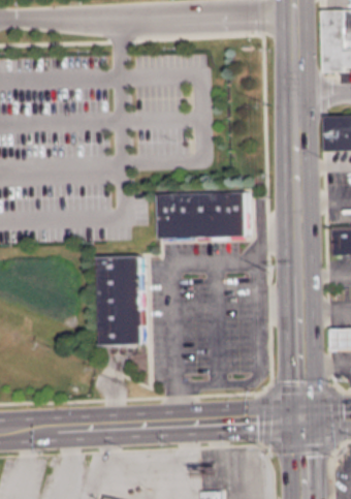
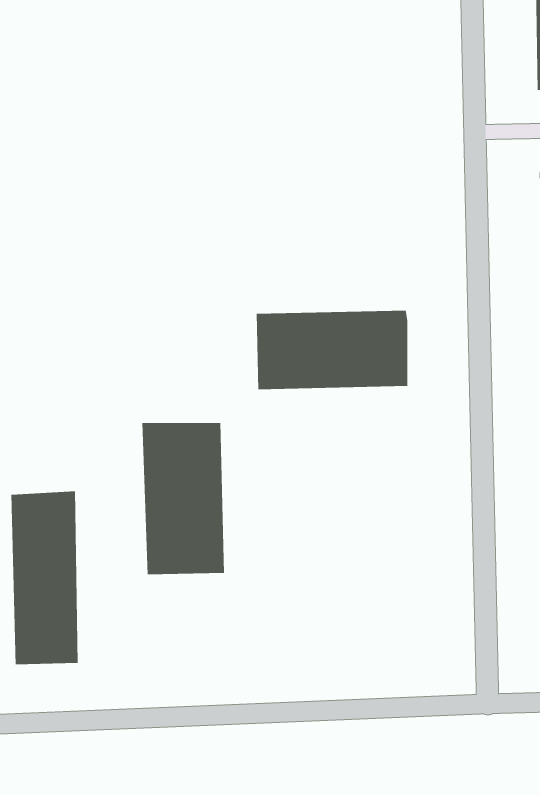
building: none -> [11,491,78,665]

